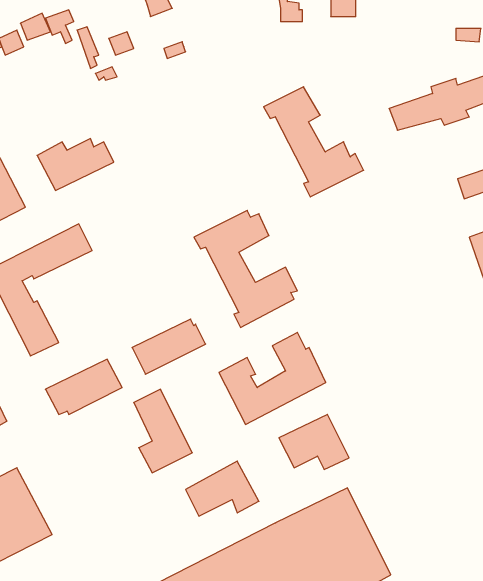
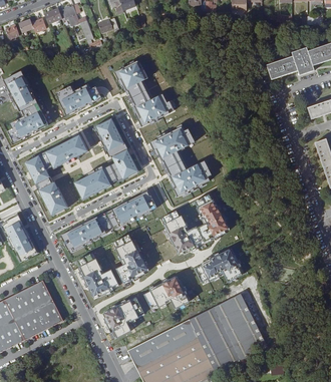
building: [264,87,364,197] -> [114,60,175,126]
building: none -> [74,117,138,200]
building: none -> [79,258,119,298]
building: none -> [103,297,144,338]

